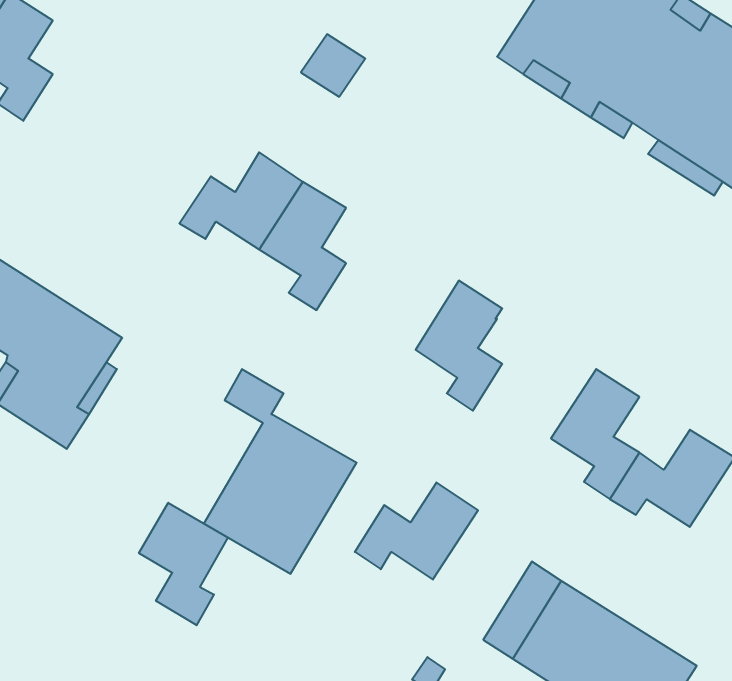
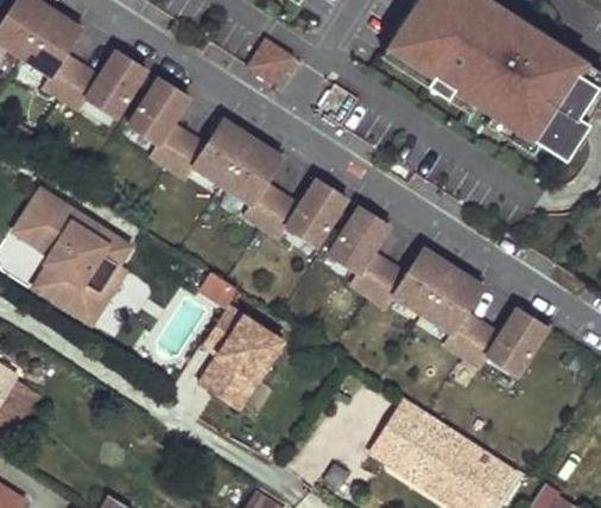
building: none -> [59,50,145,116]
building: none -> [127,77,188,167]
building: none -> [260,179,346,246]
building: [355,482,478,580] -> [367,248,451,315]
building: [139,503,228,625] -> none

